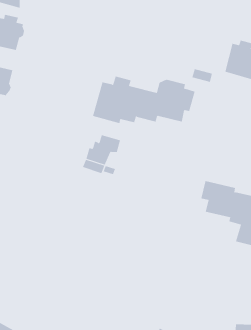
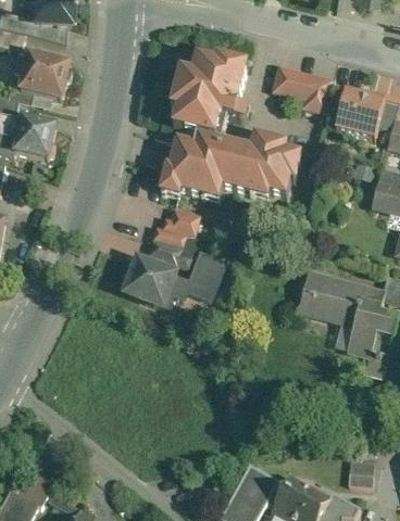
building: none -> [170,60,246,139]
building: none -> [271,66,333,113]
building: none -> [122,251,225,307]

